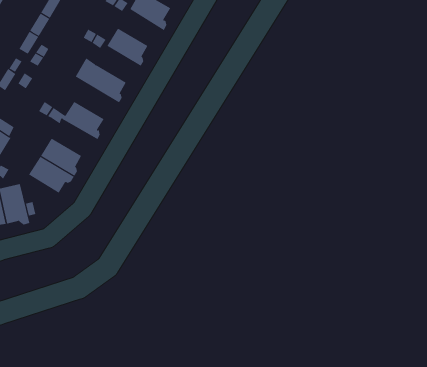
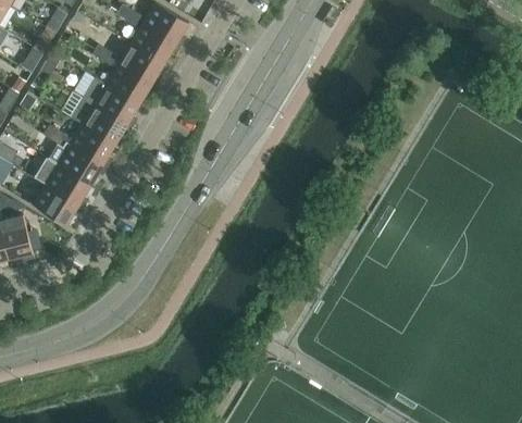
building: none -> [129,23,181,63]
building: none -> [105,63,156,103]
building: none -> [70,97,132,144]
building: none -> [48,142,108,184]

